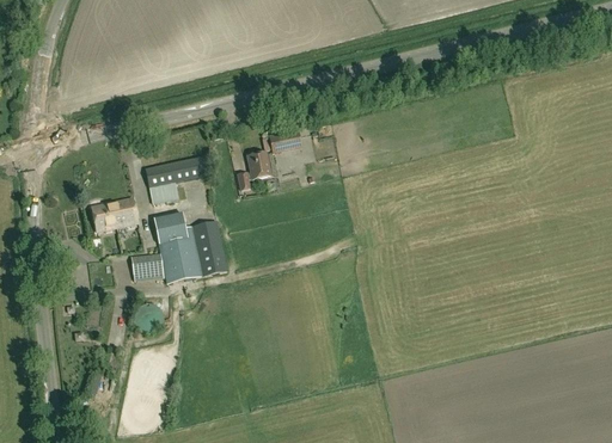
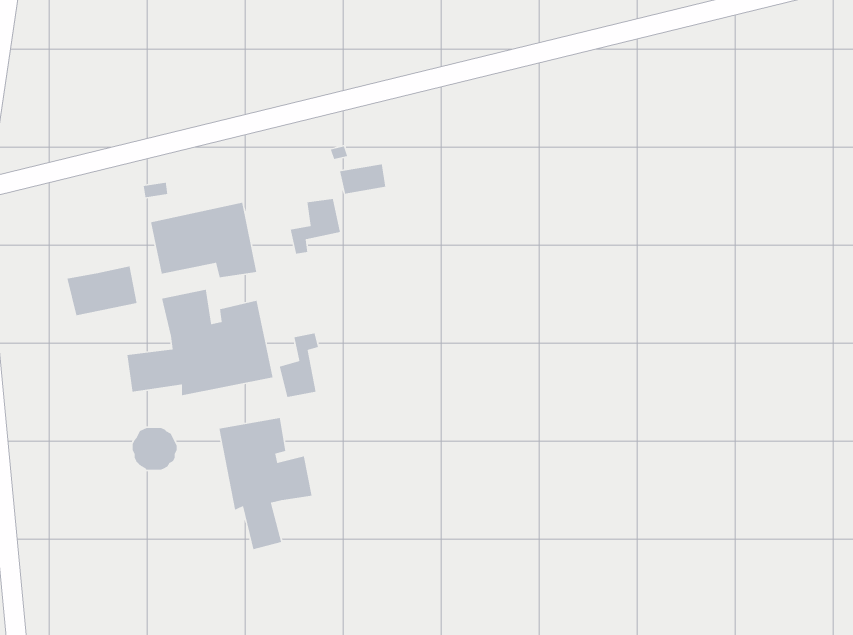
building: none -> [279,333,319,398]
building: none -> [218,417,312,550]

